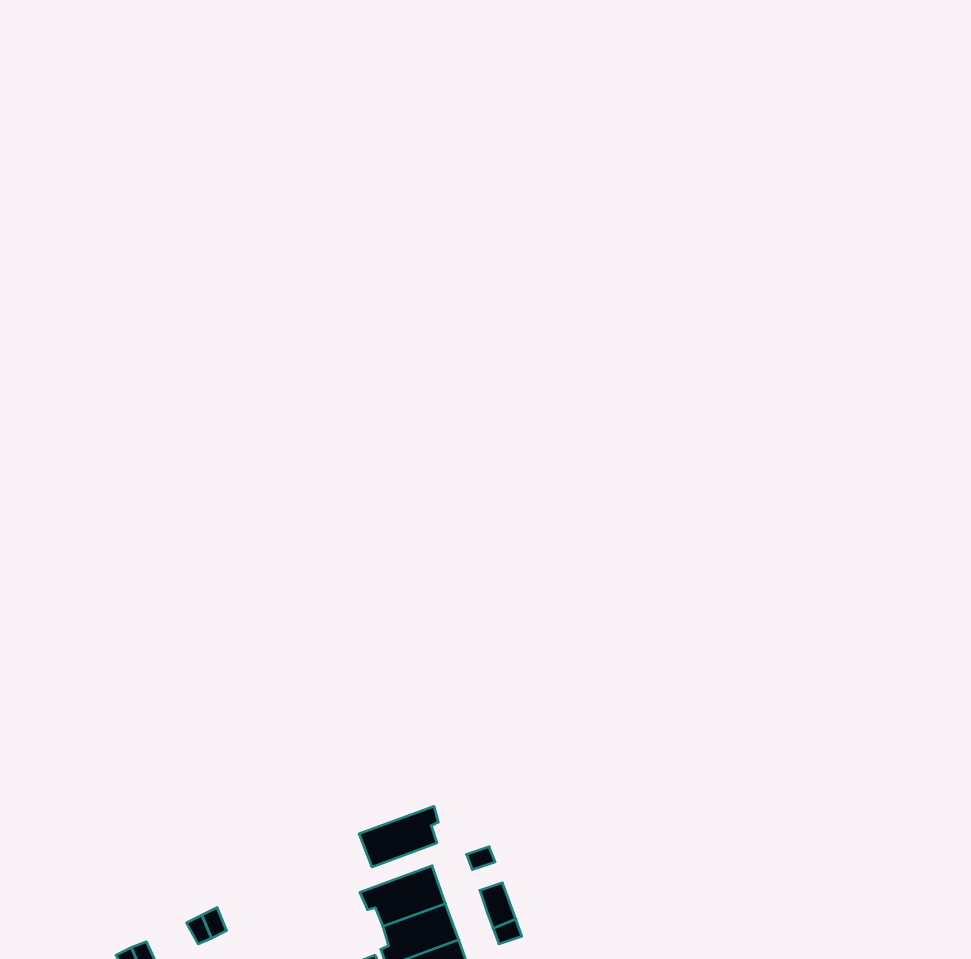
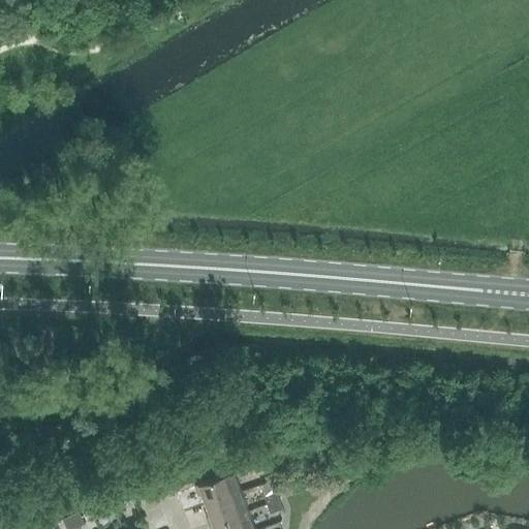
building: [359,806,438,867] -> none

